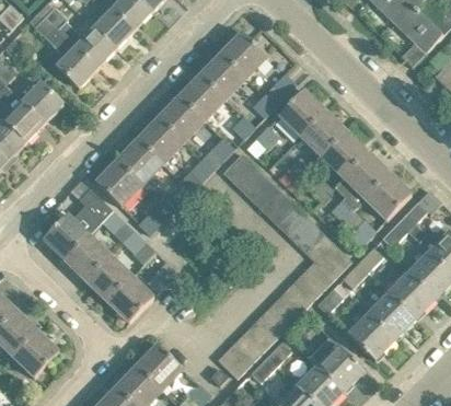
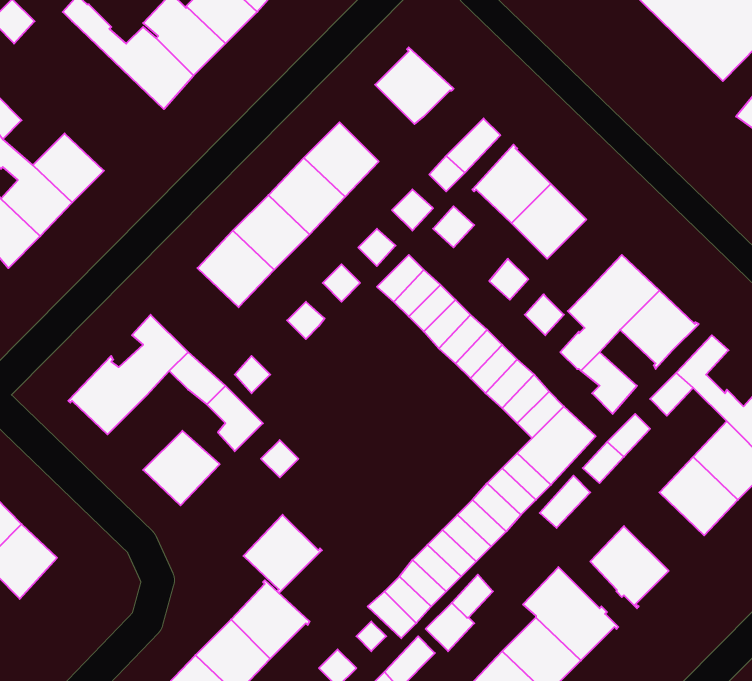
building: [34,16,97,88] -> none
building: [200,54,244,98] -> none
building: [322,132,366,176] -> none
building: [95,161,141,207] -> none
building: [65,235,108,279] -> none
building: [107,276,153,322] -> [243,515,322,593]
building: [367,292,414,338] -> none
building: [13,330,58,376] -> none

